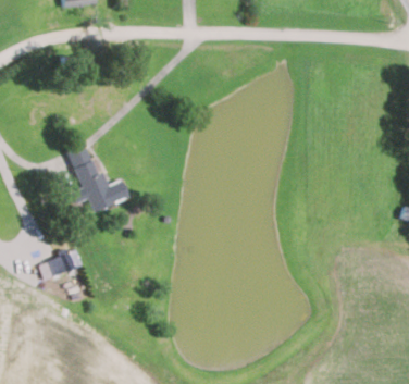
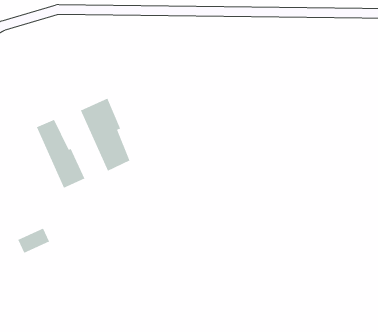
building: none -> [80,98,131,172]

